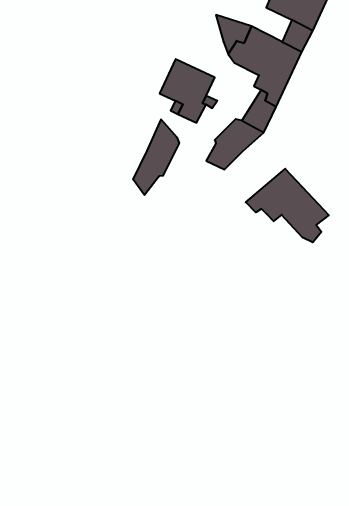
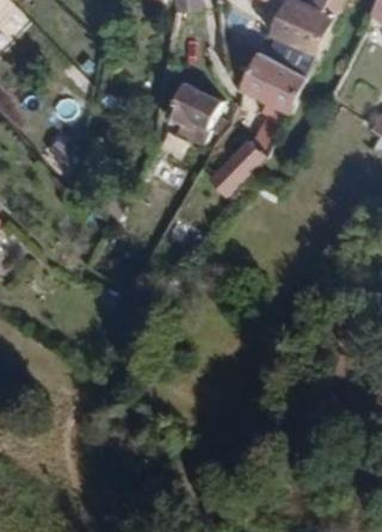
building: [133,119,179,195] -> none
building: [246,169,329,242] -> none

